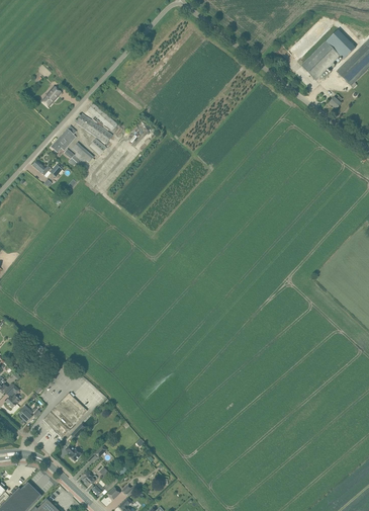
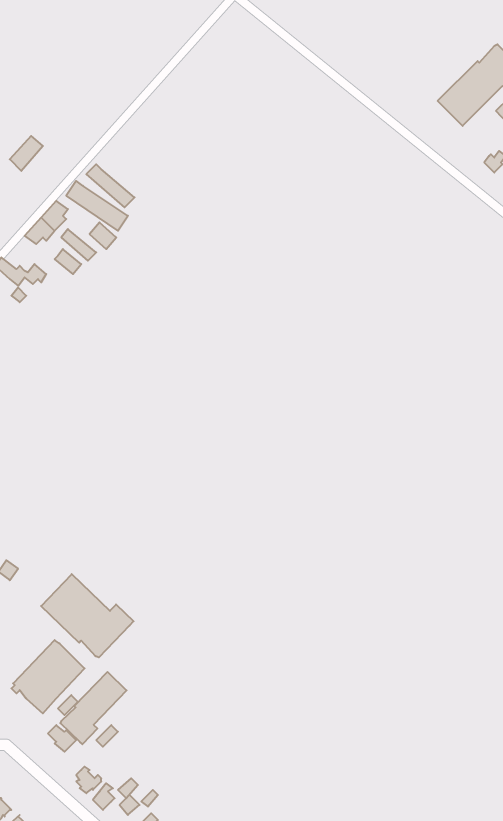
building: none -> [41,574,134,657]
building: none -> [60,672,127,744]

